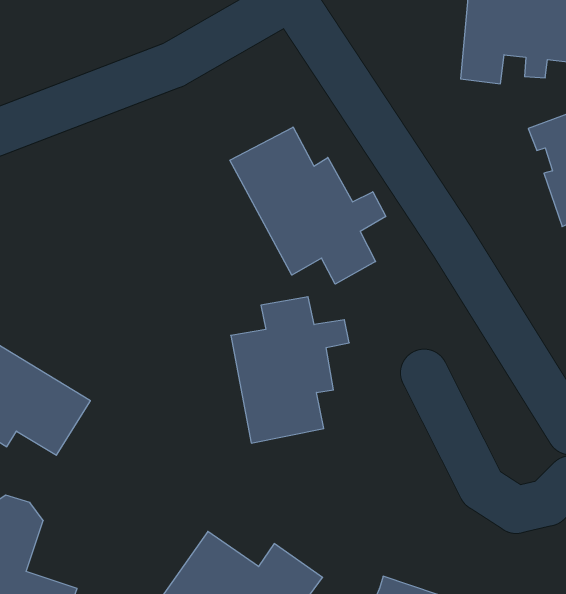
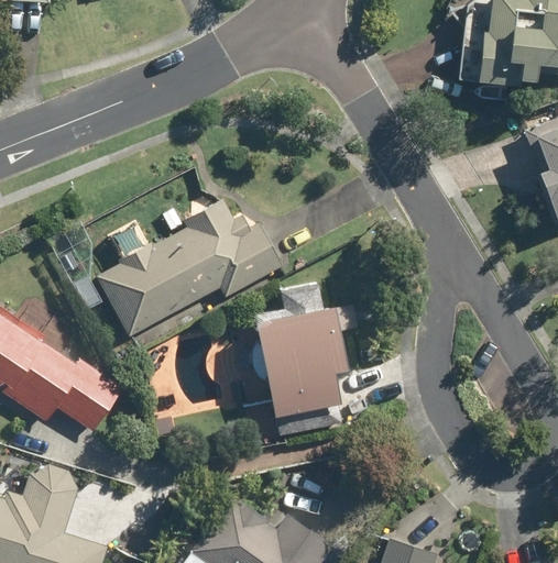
building: [230,127,386,284] -> none
building: none -> [98,200,280,339]

